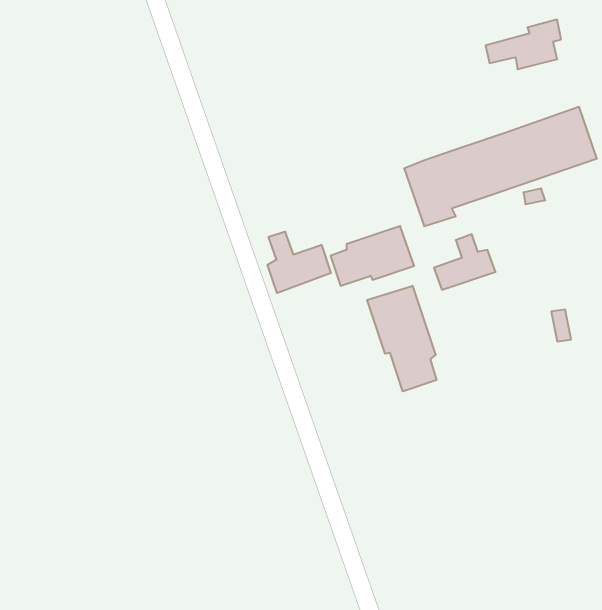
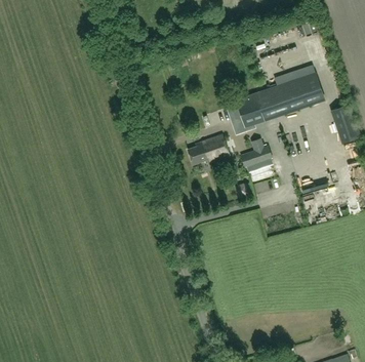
building: [268,232,331,293] -> none
building: [367,286,436,391] -> none

